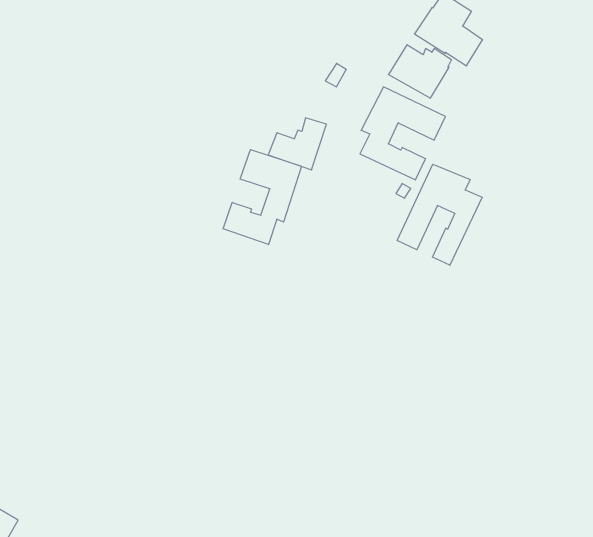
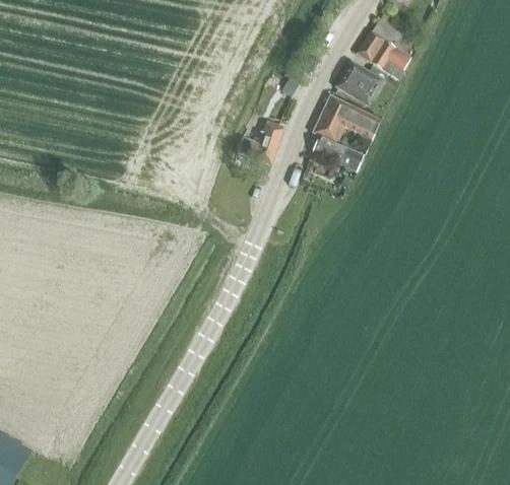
building: [223,150,301,245] -> none
building: [397,164,482,265] -> none

